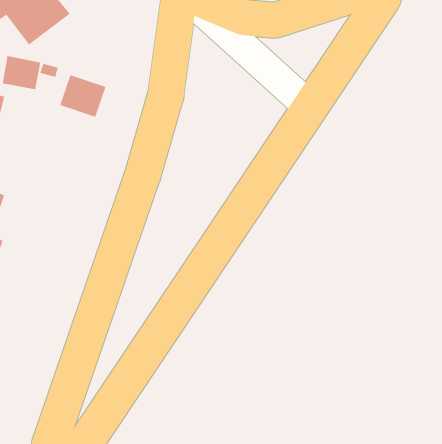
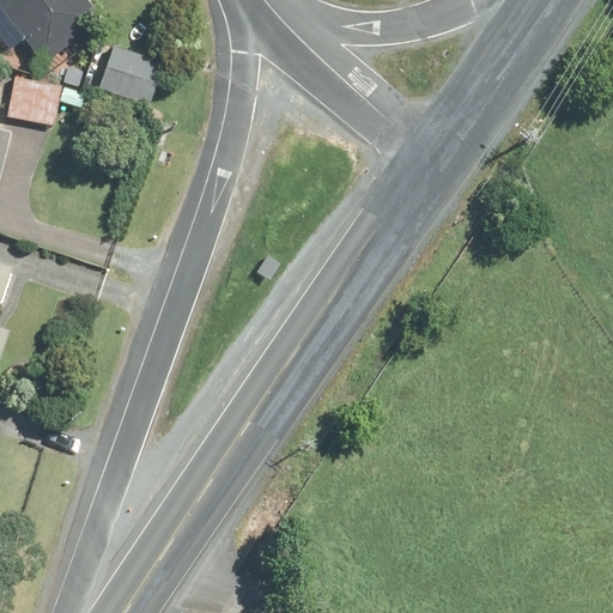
building: [59,74,106,118] -> [95,44,159,104]

